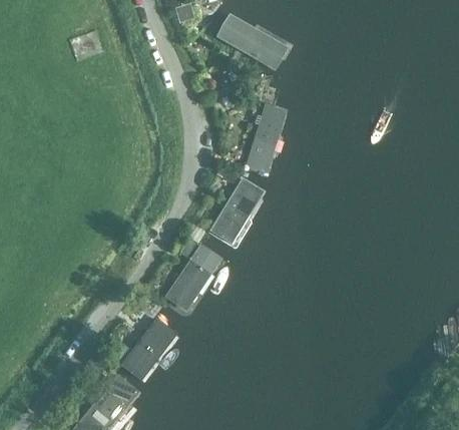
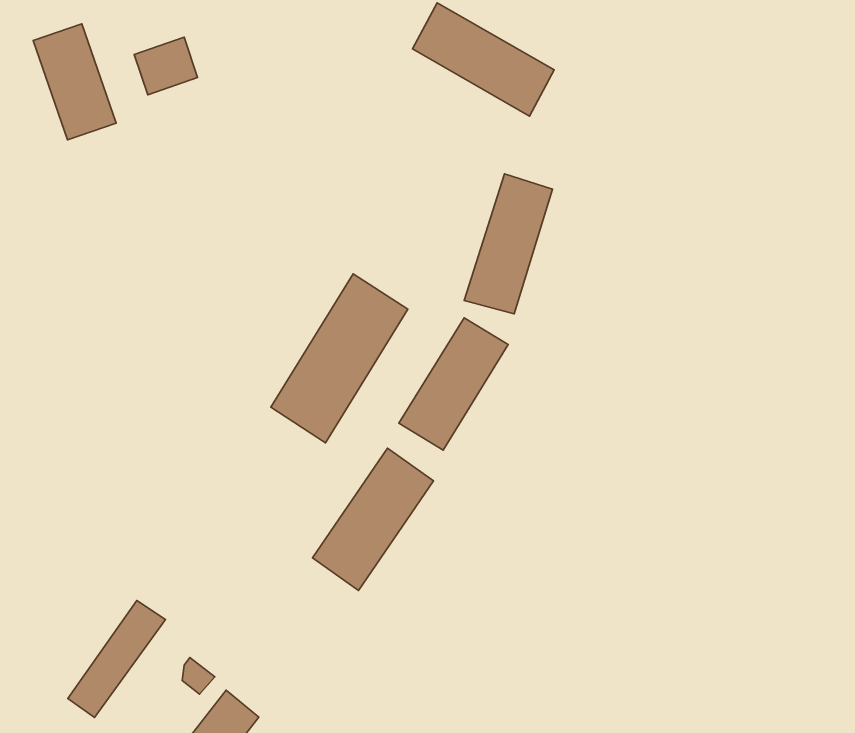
building: none -> [33,24,116,140]
building: none -> [271,274,408,443]
building: [120,315,171,376] -> [68,600,166,718]

